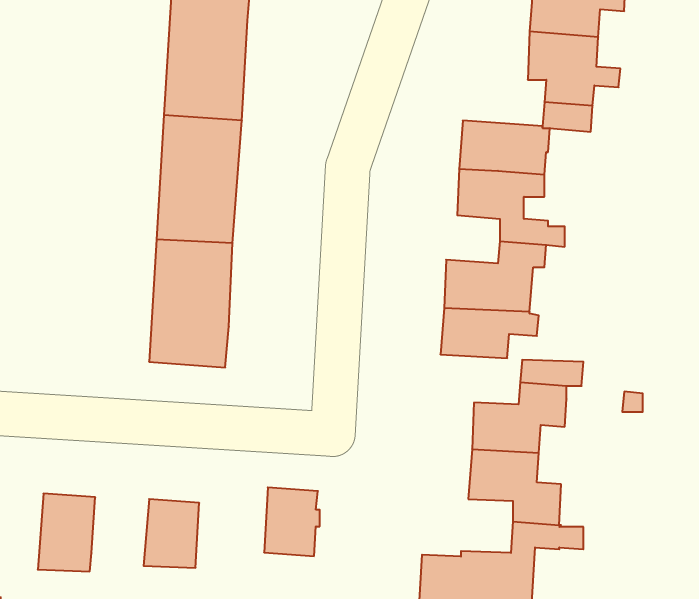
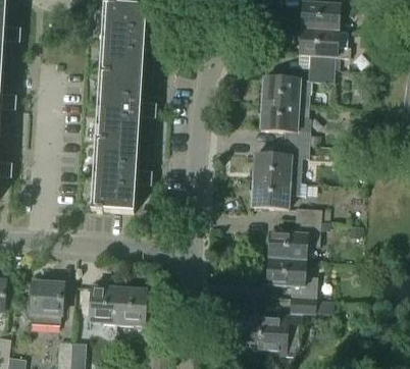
building: [264,487,320,556] -> [116,286,147,324]

